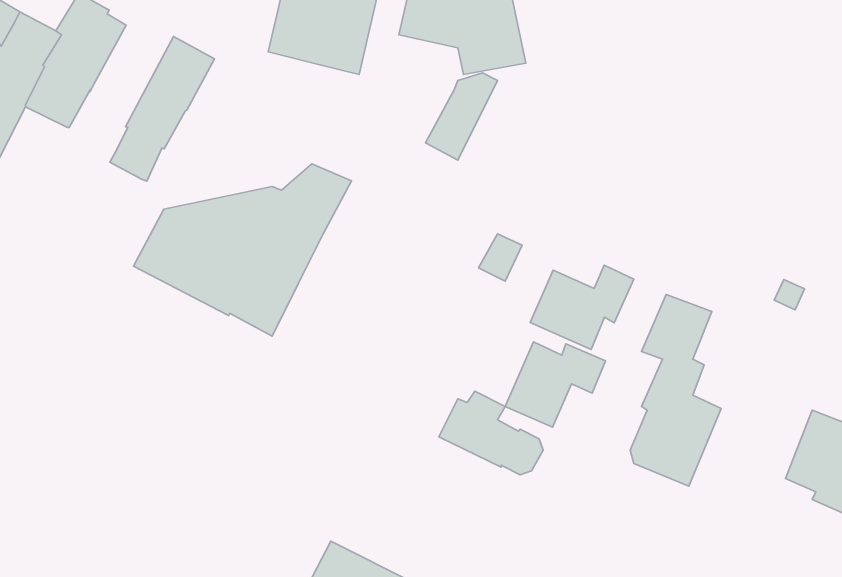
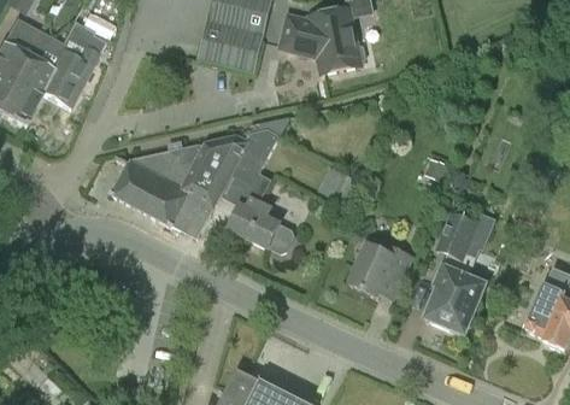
building: [110,37,215,181] -> none
building: [426,73,498,160] -> [233,129,278,184]
building: [530,265,634,349] -> none
building: [439,391,543,475] -> [229,199,295,252]

